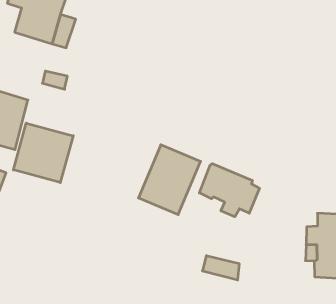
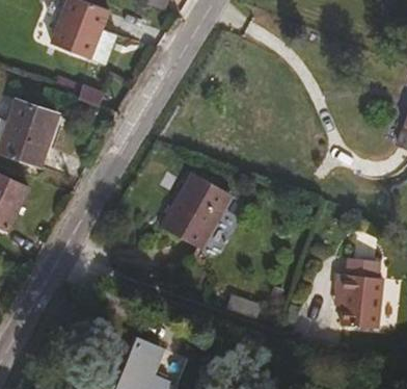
building: [13,123,73,183] -> none
building: [199,164,259,217] -> none

